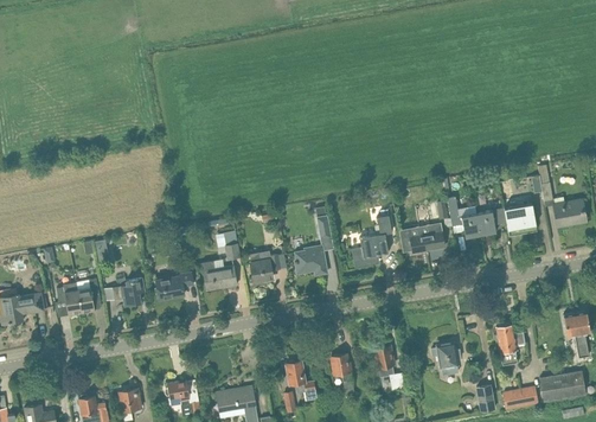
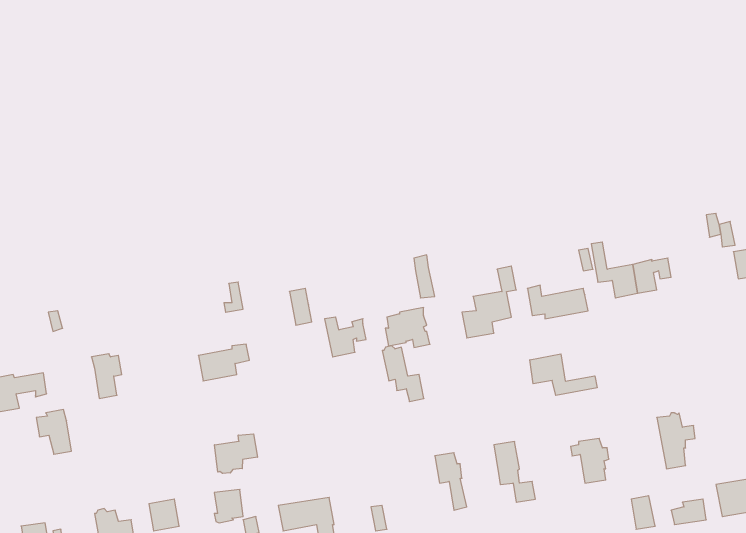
building: [504,203,537,236] -> none
building: [203,261,237,288] -> none
building: [113,279,145,306] -> none
building: none -> [530,354,597,395]
building: [56,282,82,315] -> [36,410,71,454]
building: none -> [215,434,257,473]
building: [286,359,316,401] -> [382,346,424,402]

